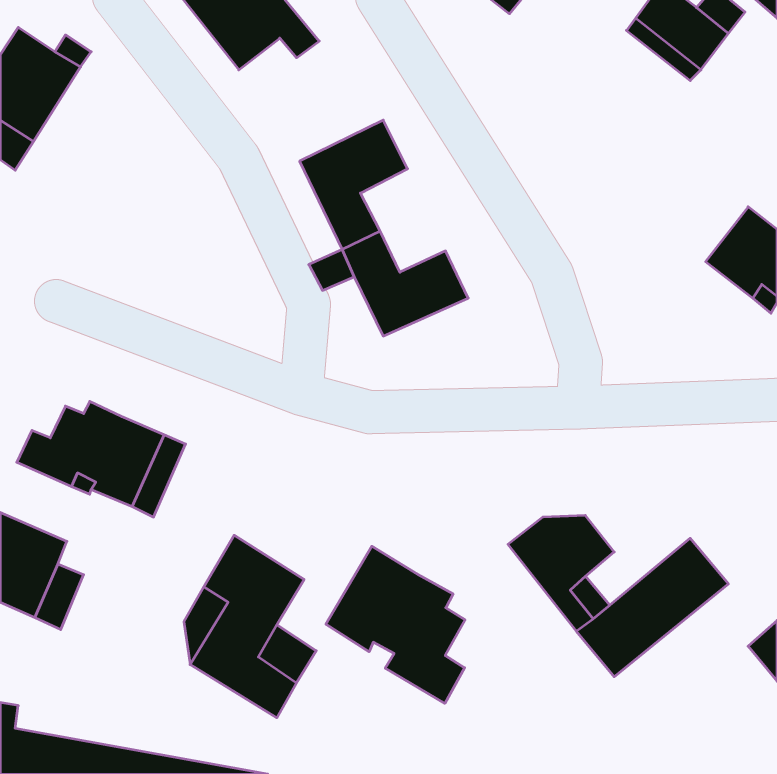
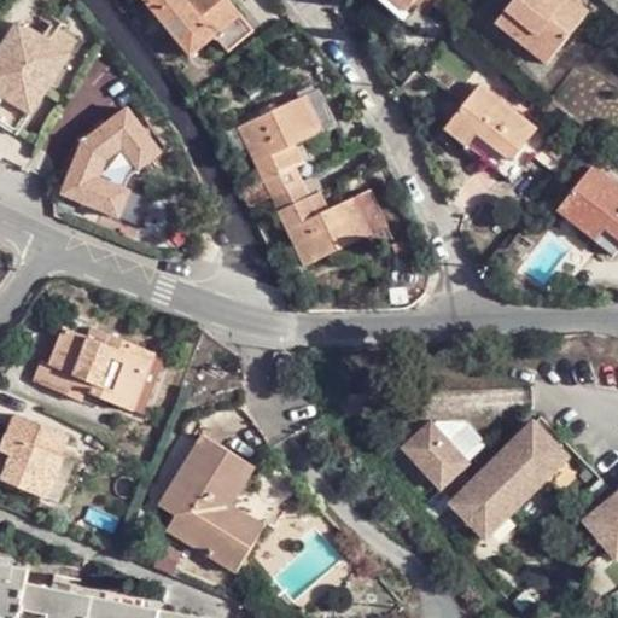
building: none -> [443,82,546,181]
building: none -> [59,109,158,217]
building: [326,546,465,703] -> none

